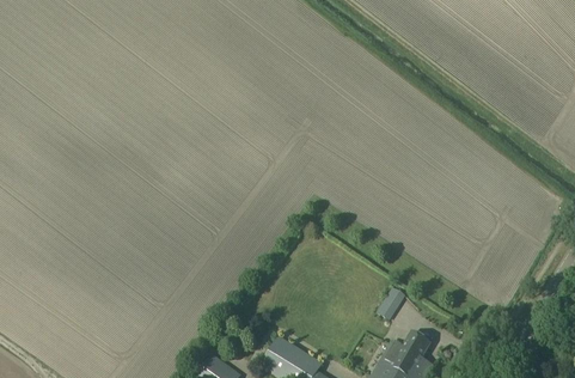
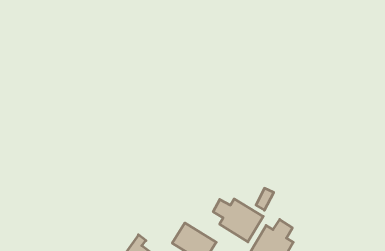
building: none -> [213,199,263,242]

